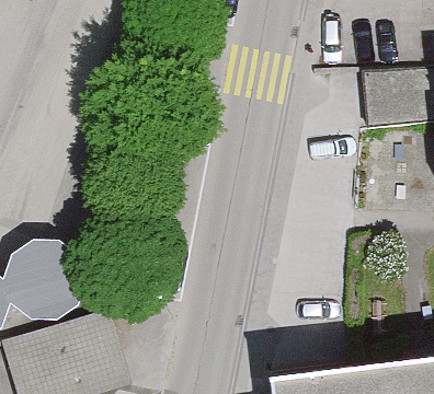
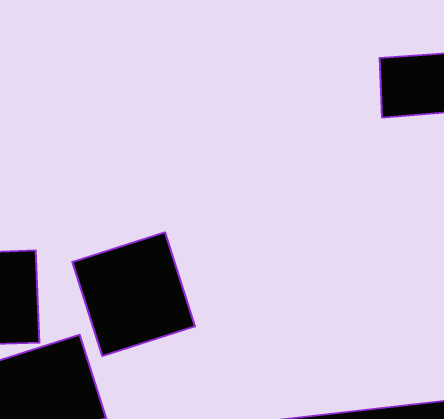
building: none -> [72,232,195,356]

